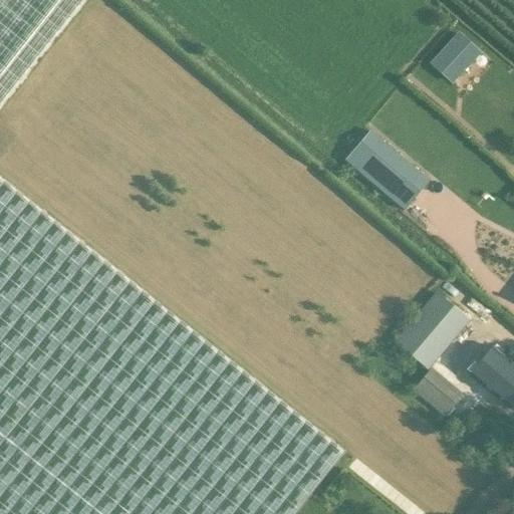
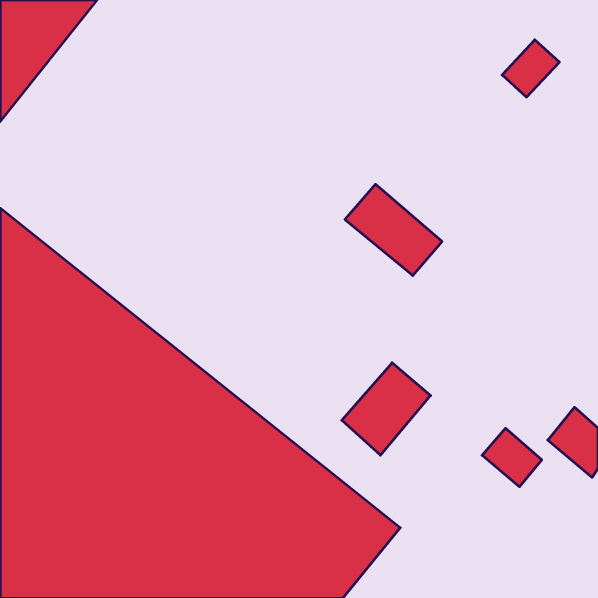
building: [344,132,428,210] -> [345,184,442,276]
building: [393,292,469,371] -> [342,363,431,455]

